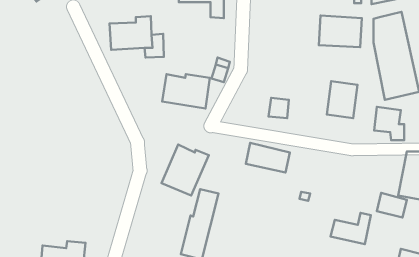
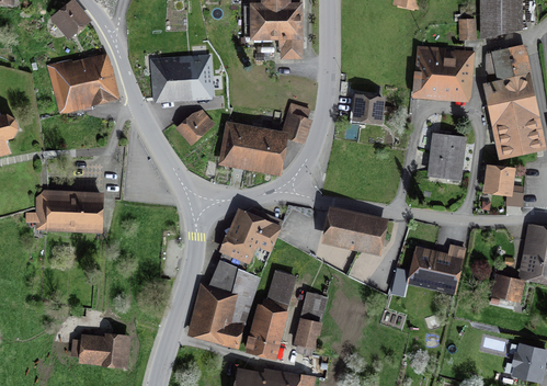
building: none -> [50,58,112,107]
building: none -> [179,110,212,141]
building: [269,98,289,118] -> [353,94,378,120]
building: none -> [37,192,100,229]
building: none -> [193,262,258,348]
building: none -> [294,291,327,348]
building: [330,213,371,244] -> [411,246,461,285]

